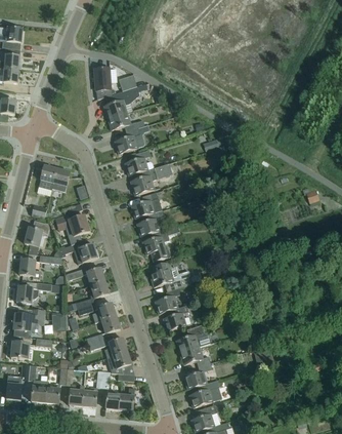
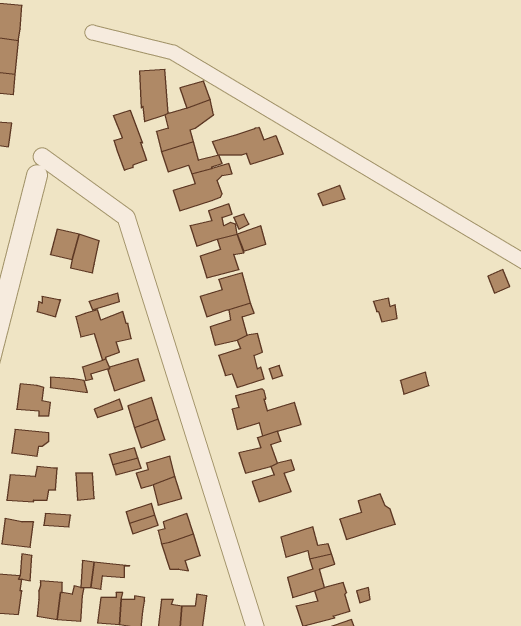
building: none -> [113,110,147,170]
building: none -> [212,127,283,164]
building: [25,220,50,246] -> none
building: [176,324,210,352] -> [340,494,395,539]

